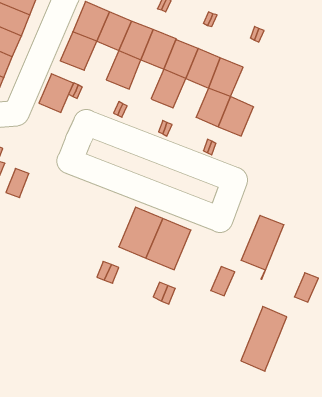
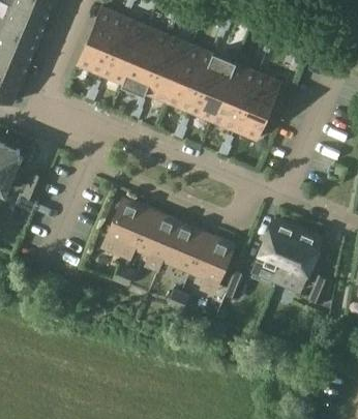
building: none -> [145,64,179,102]
building: none -> [245,71,280,111]
building: [39,74,73,112] -> [100,46,135,84]
building: none -> [188,83,223,121]
building: none -> [106,198,151,249]
building: none -> [189,233,234,285]
building: [241,306,287,371] -> [276,228,322,292]

